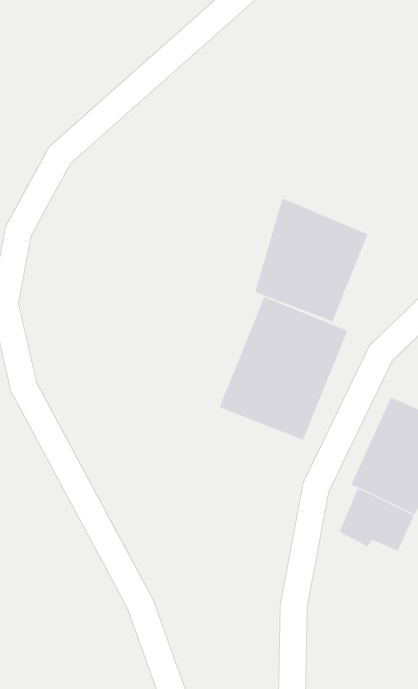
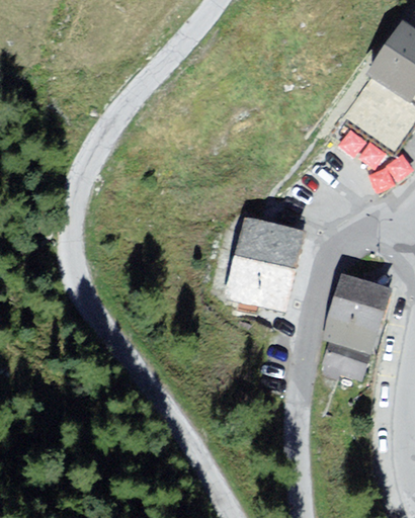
building: [255,198,368,323] -> none

